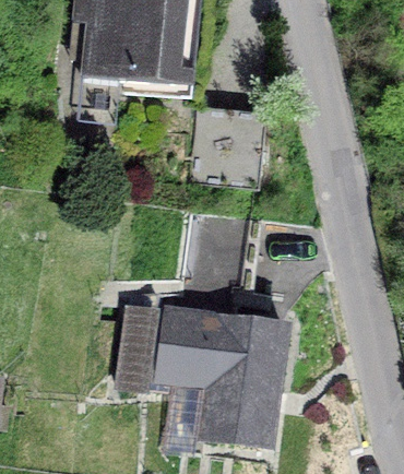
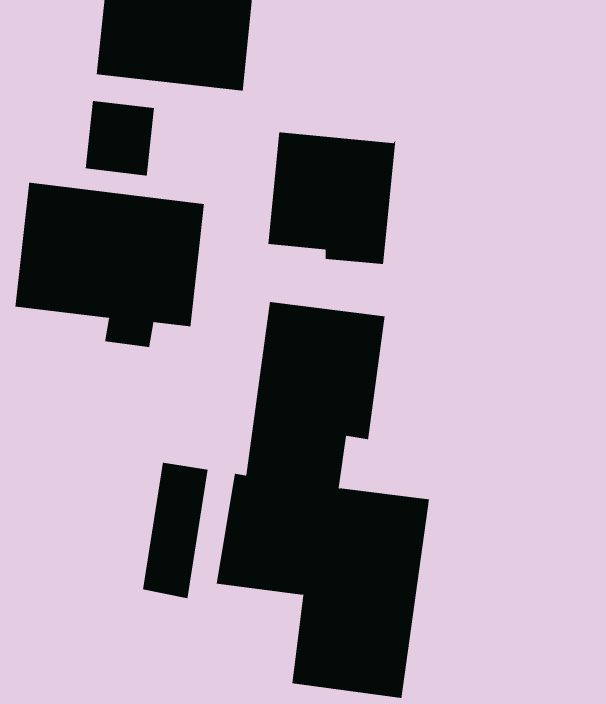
building: none -> [15,182,205,348]

